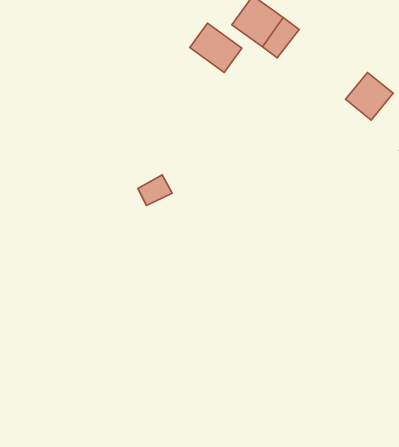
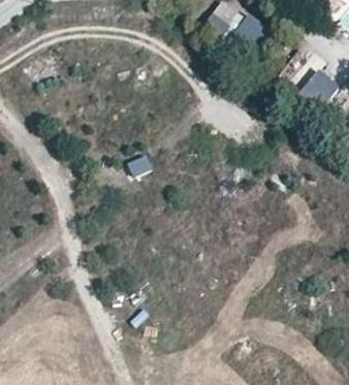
building: [190,23,242,73] -> none

